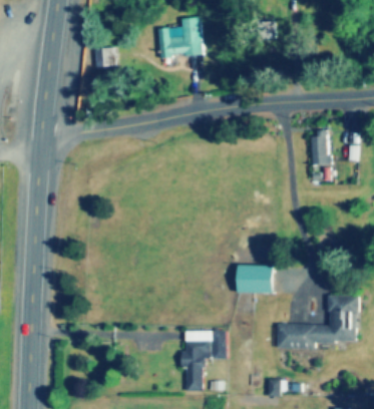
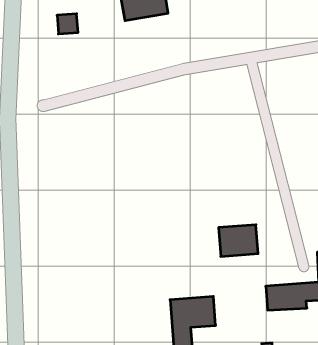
building: [312,131,329,164] -> none

